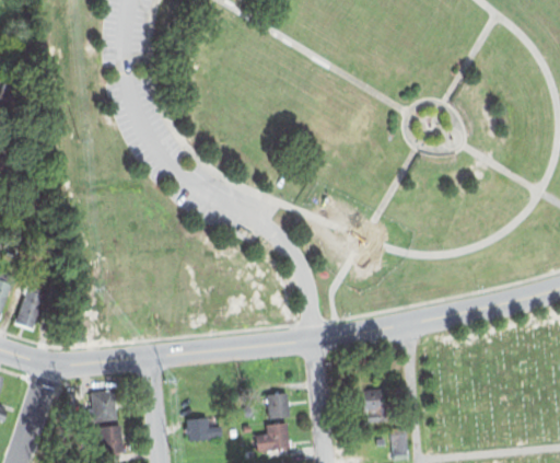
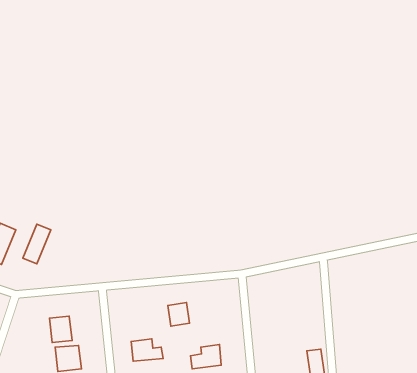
building: none -> [23,224,51,264]
building: [355,386,393,420] -> none
building: [265,392,290,419] -> [168,303,189,326]

